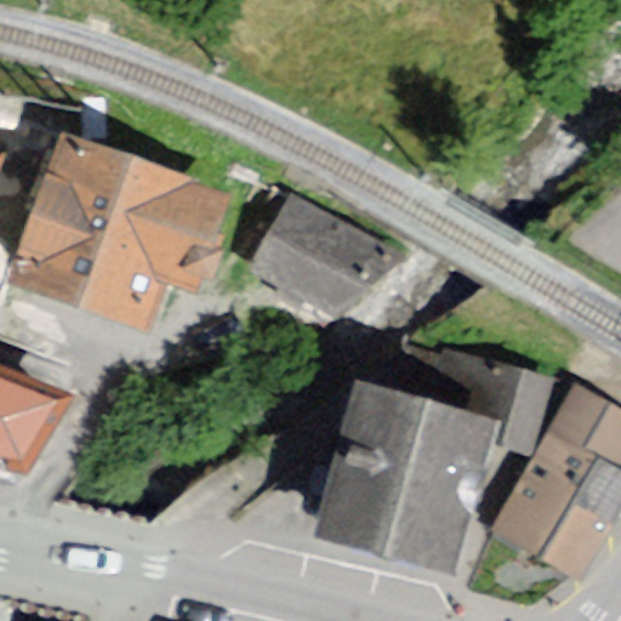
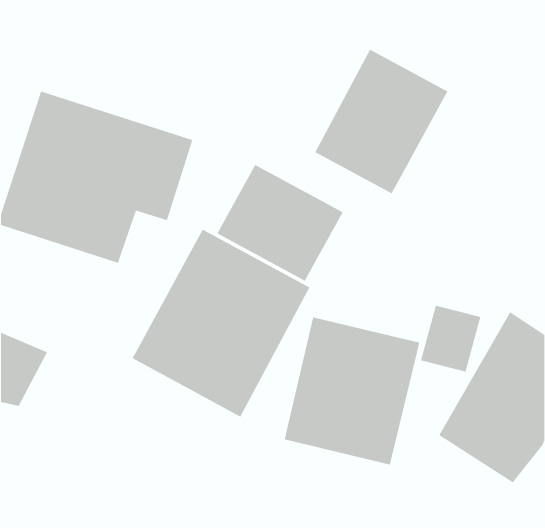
building: none -> [314,49,448,194]
building: none -> [132,229,310,418]

